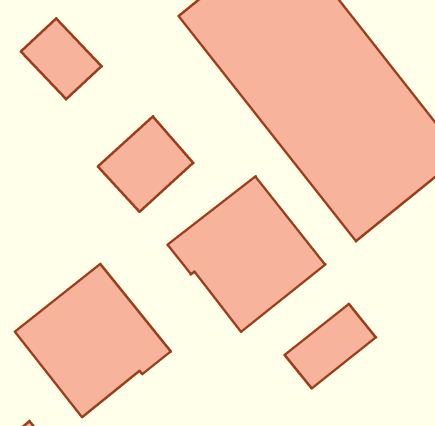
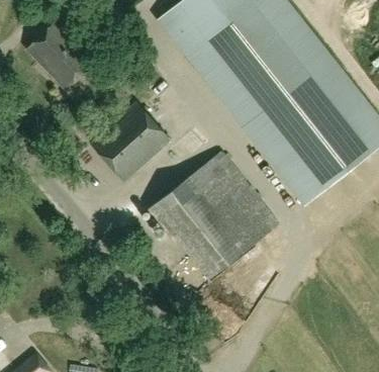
building: [15,264,171,417] -> none
building: [285,304,376,388] -> none

